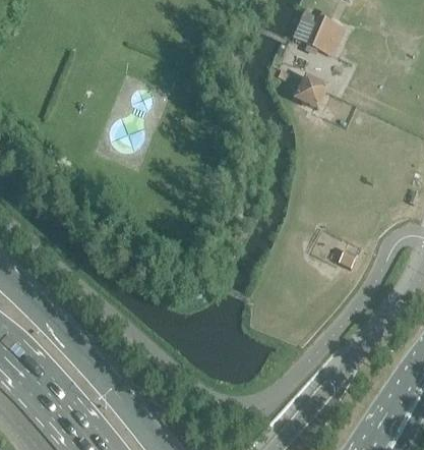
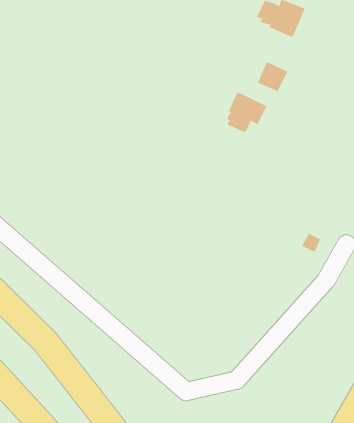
building: none -> [226,92,267,133]

